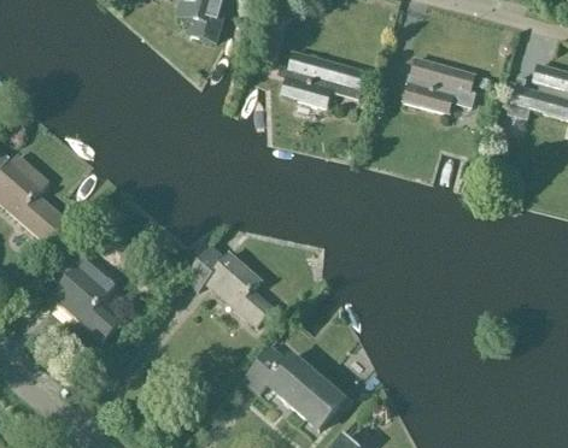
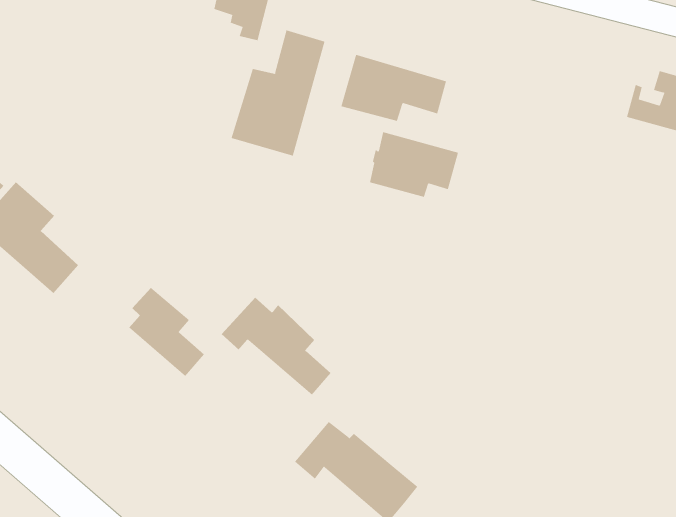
building: none -> [231,30,325,157]
building: [403,58,475,111] -> [369,131,459,197]
building: [57,266,118,338] -> [129,287,205,377]

